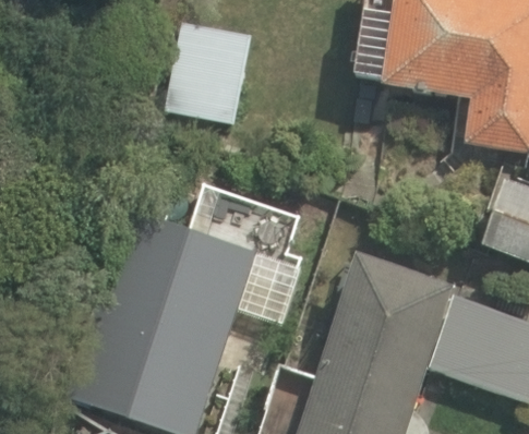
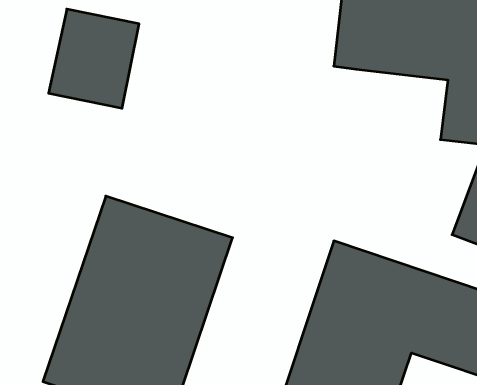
building: [165,23,257,124] -> [49,9,139,108]

